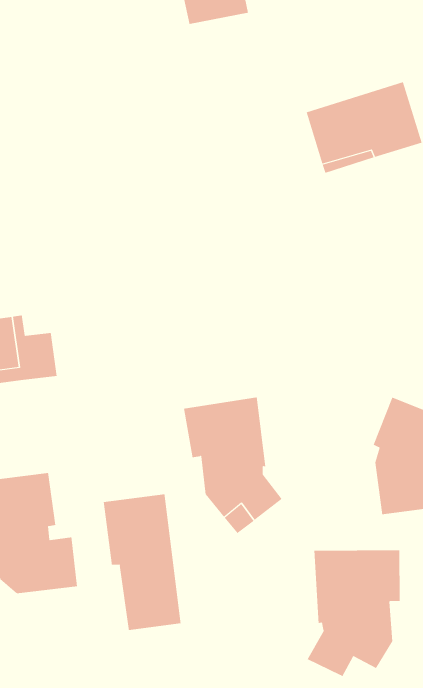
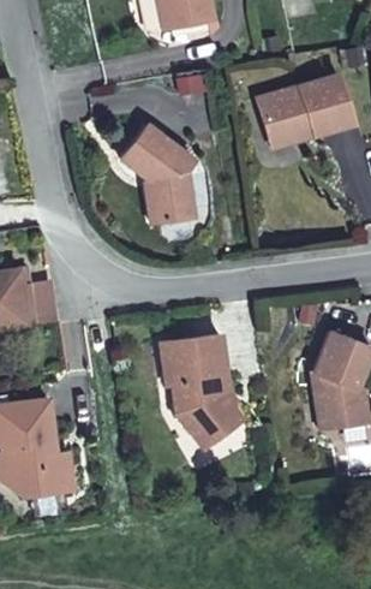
building: none -> [120,124,191,221]
building: [103,494,181,631] -> none
building: [307,549,400,677] -> none

